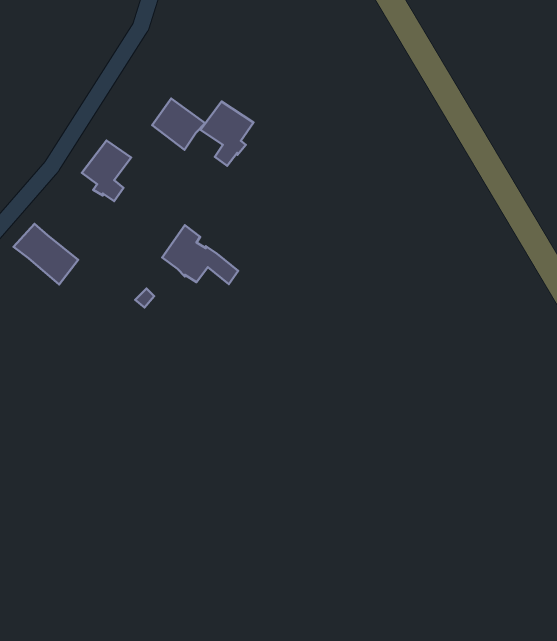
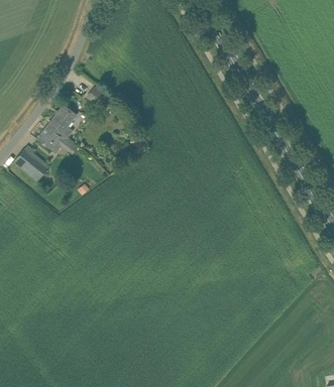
building: [201,101,253,166] -> none
building: [162,225,238,284] -> [37,122,78,153]

